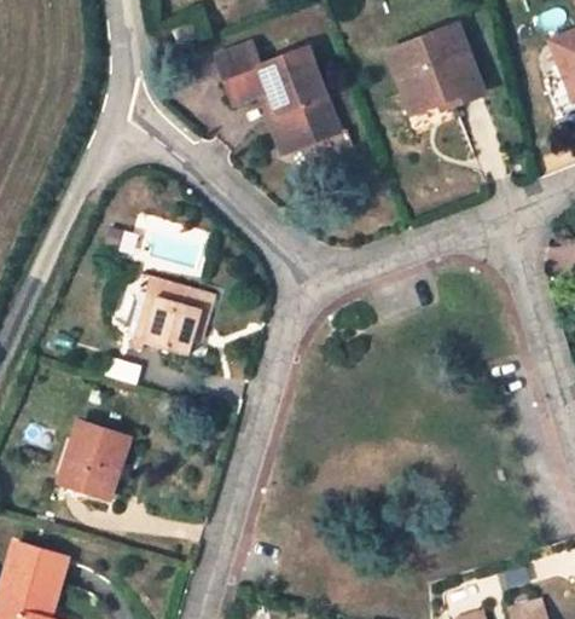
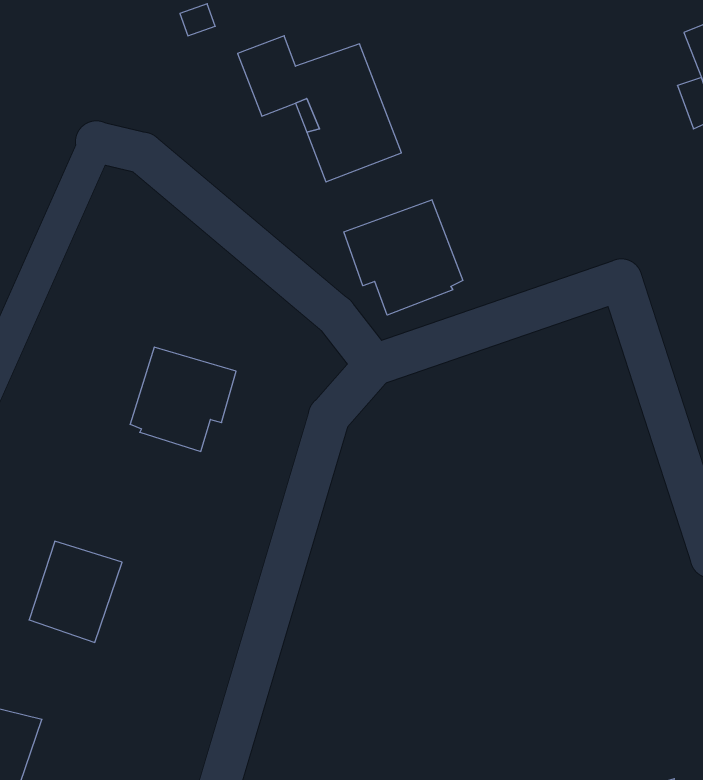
building: [389,24,481,112] -> none
building: none -> [344,200,463,315]

